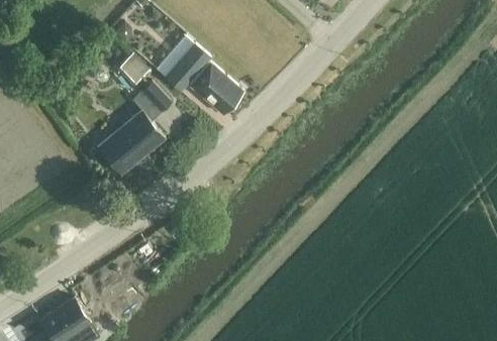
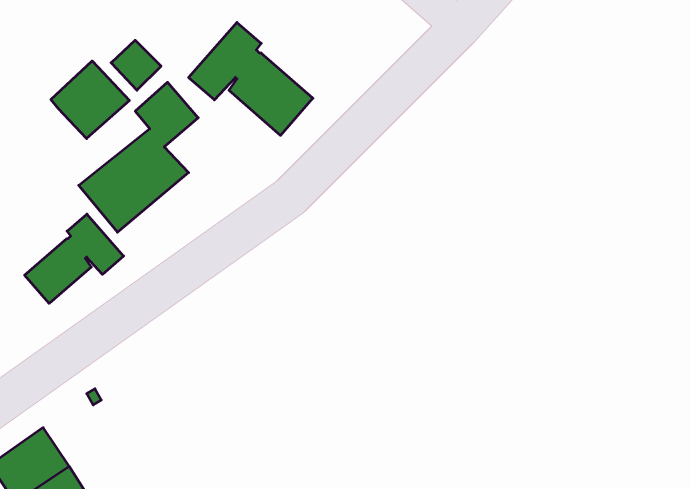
building: none -> [51,61,129,139]
building: none -> [25,214,124,303]

